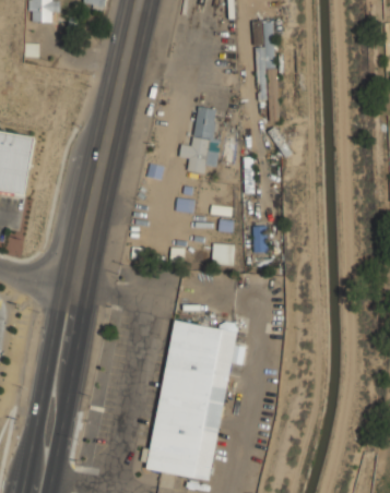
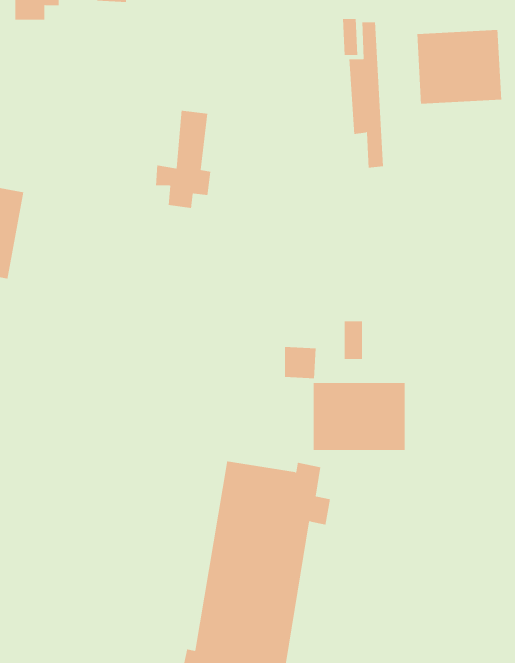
building: none -> [417,29,502,105]
building: [179,106,217,172] -> [155,110,211,208]
building: none -> [313,382,405,451]

